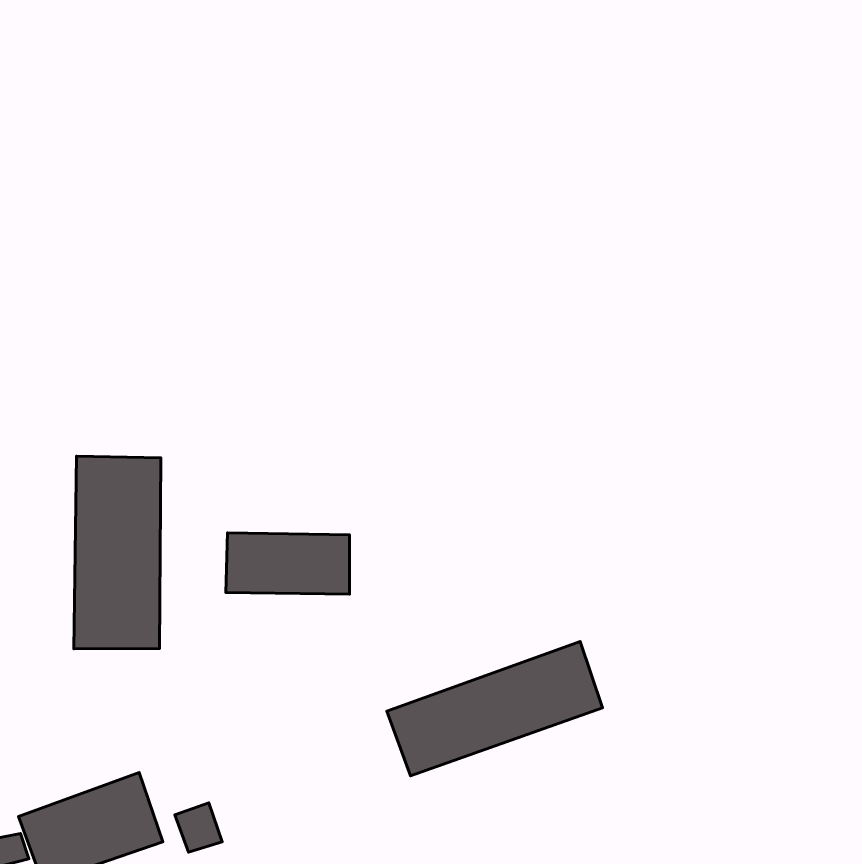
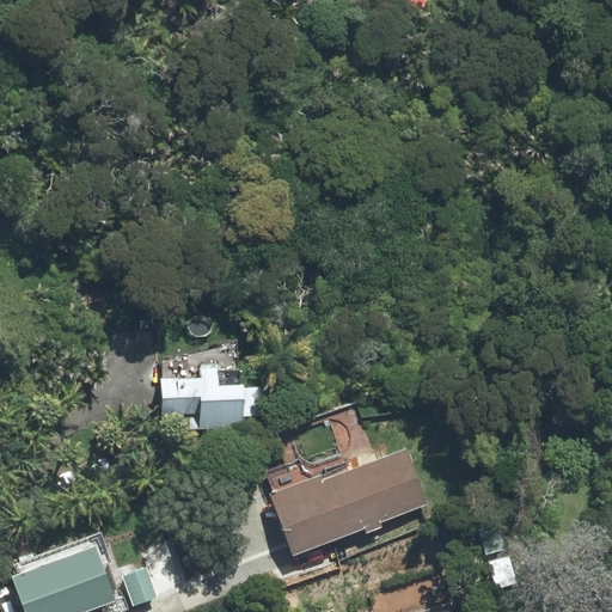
building: [74,456,161,649] -> none

